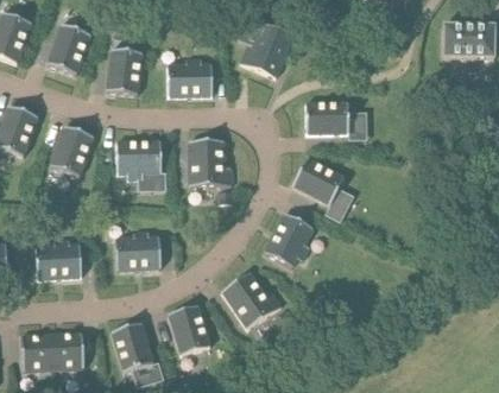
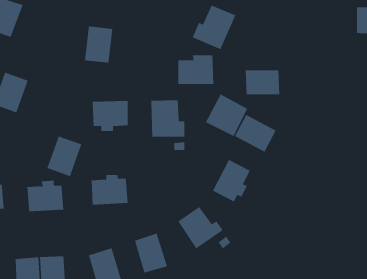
building: [48,23,90,74] -> none
building: [168,58,213,95] -> [178,55,214,85]
building: [50,125,94,176] -> [47,136,82,177]
building: none -> [205,94,248,137]

